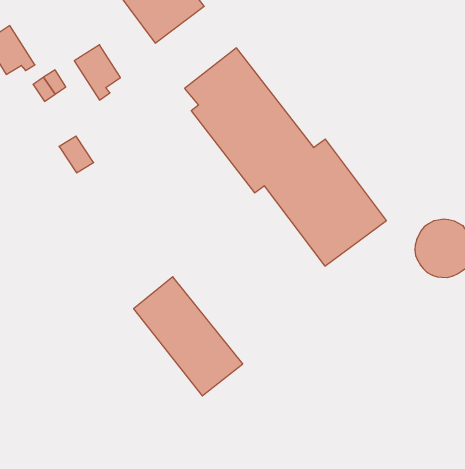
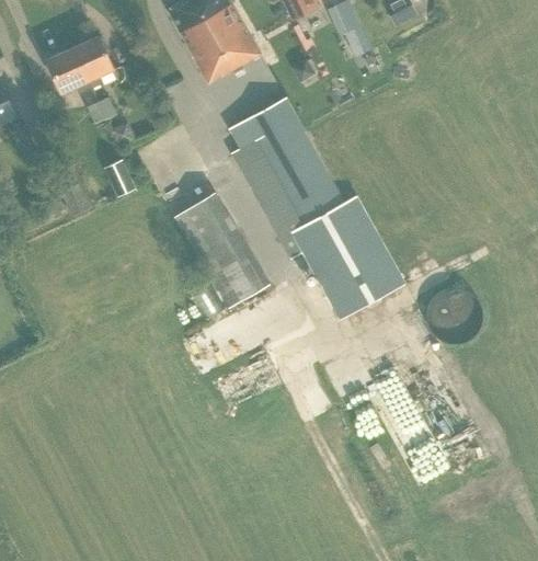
building: [74,45,120,100] -> [72,35,114,88]
building: [134,277,243,396] -> [174,192,271,309]

